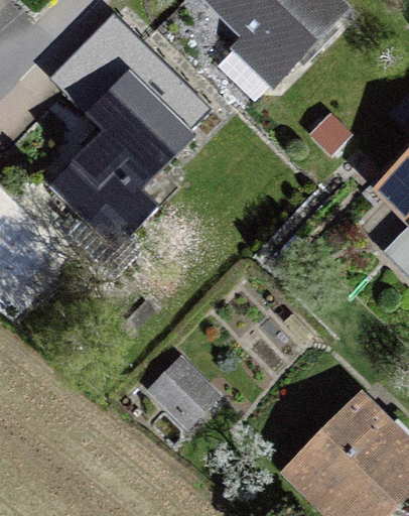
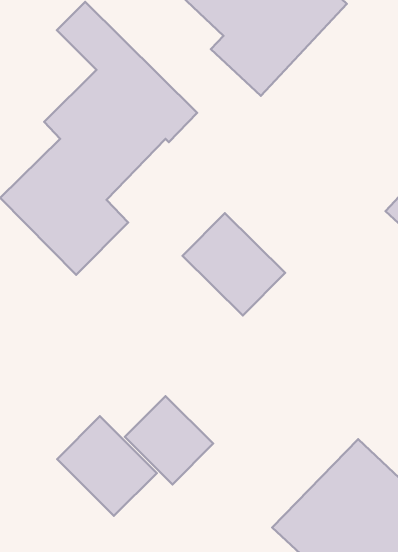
building: none -> [183,213,285,315]
building: none -> [57,416,157,516]

